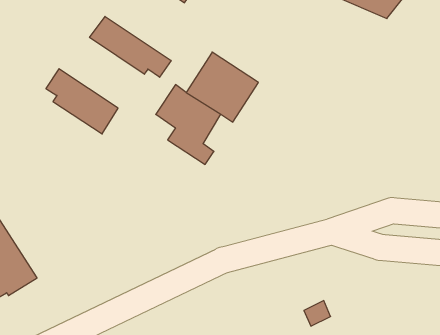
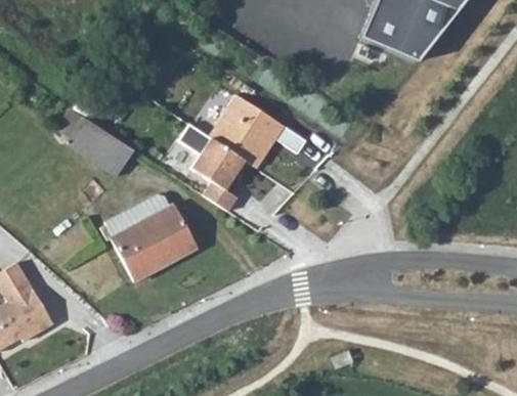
building: [90,16,171,77] -> none
building: none -> [110,193,200,280]

